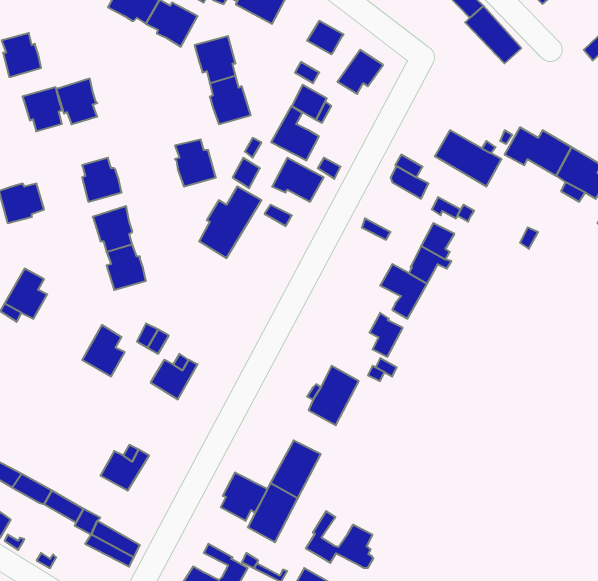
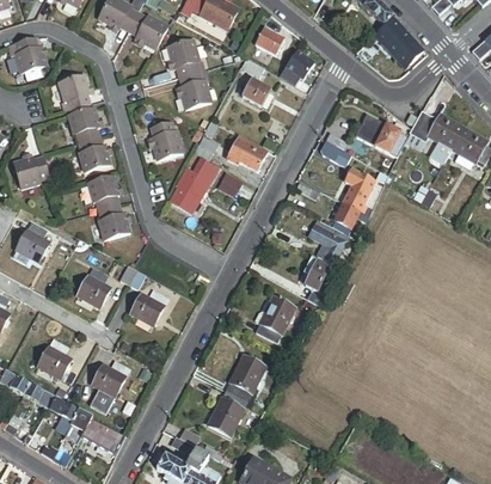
building: [22,87,62,131] -> [66,106,97,141]
building: [271,106,319,161] -> none
building: none -> [37,338,70,379]
building: [221,472,267,521] -> none
building: [306,511,373,568] -> none

